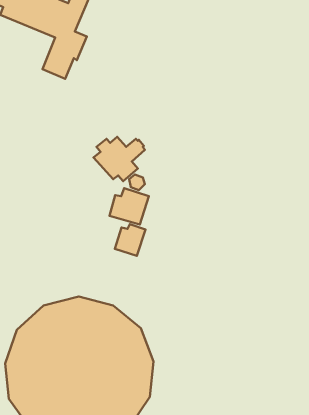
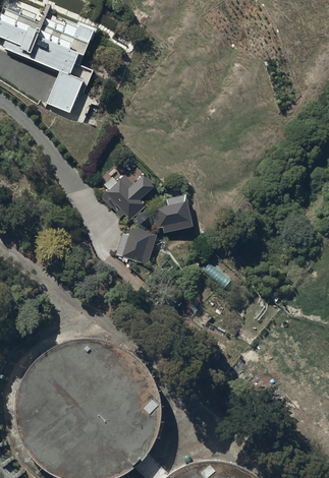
building: none -> [156,193,193,232]
building: [115,224,145,256] -> none

